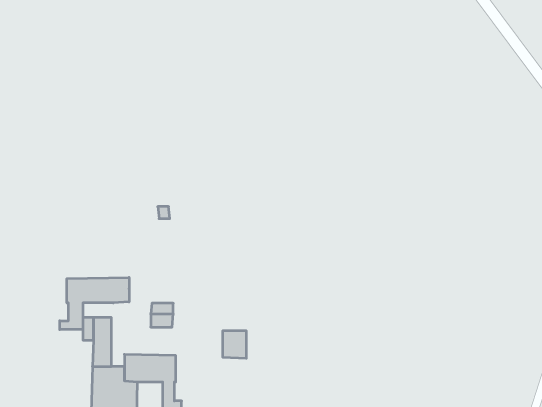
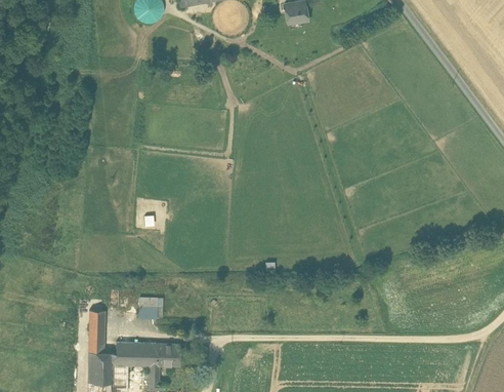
building: [60,277,129,330] -> none
building: [223,331,246,358] -> [160,342,180,365]

